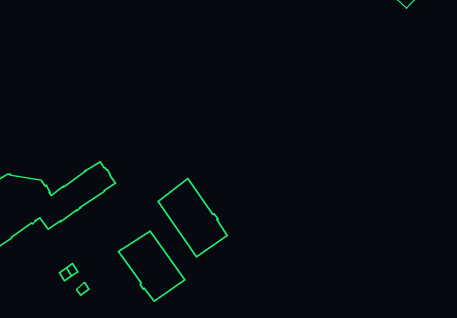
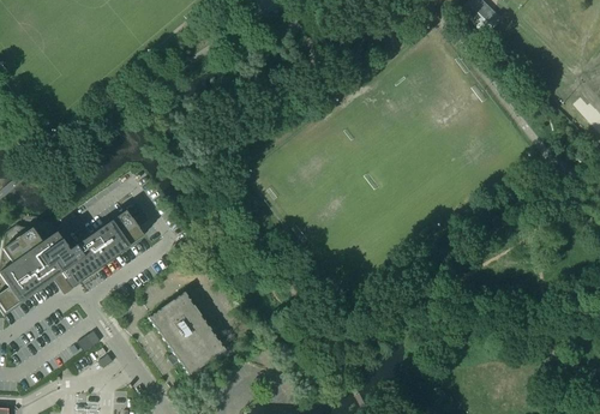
building: [158,179,227,257] -> none

